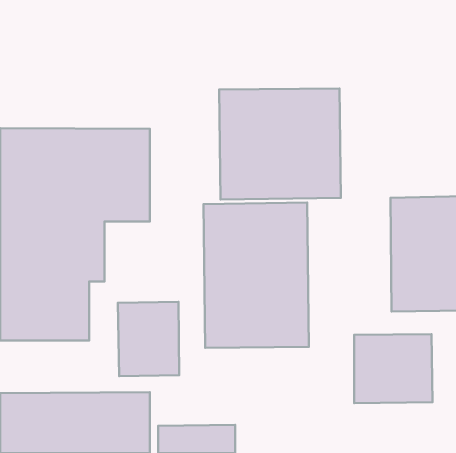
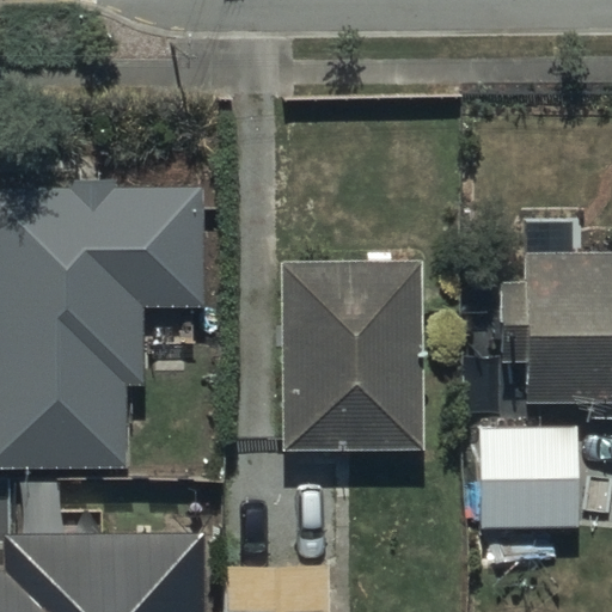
building: [219,88,341,200] -> none
building: [118,302,179,376] -> none

